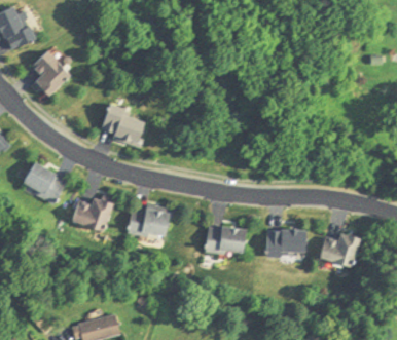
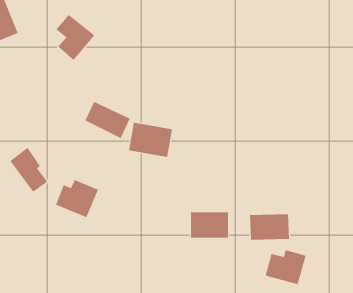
building: [31,52,71,100] -> [55,14,95,61]
building: [127,202,172,238] -> [128,122,173,158]
building: [319,229,361,265] -> [265,249,306,285]

